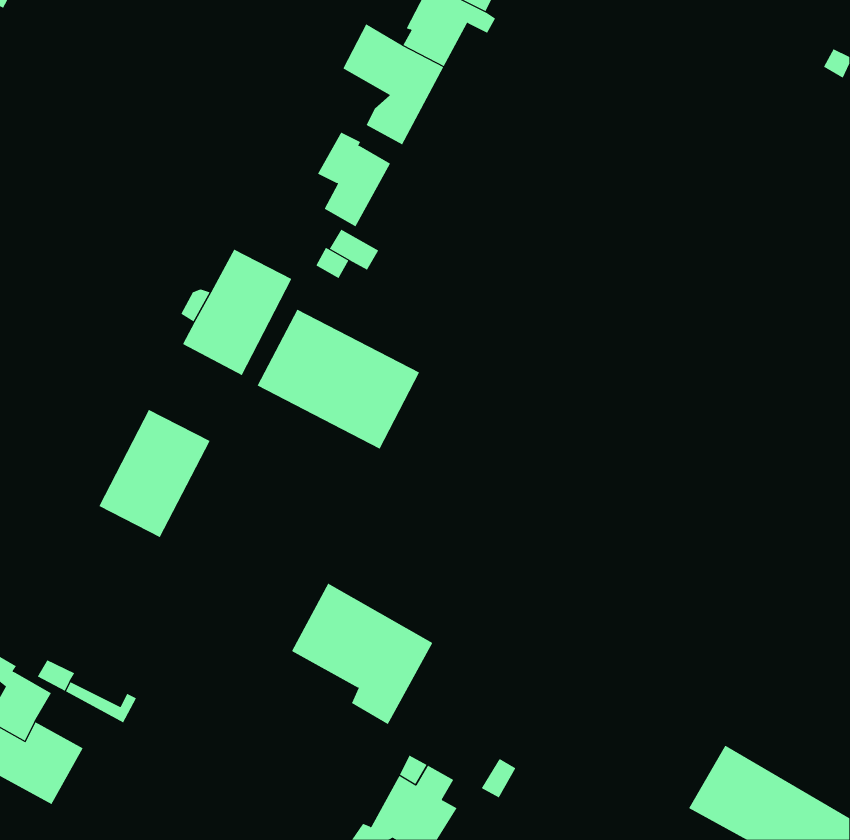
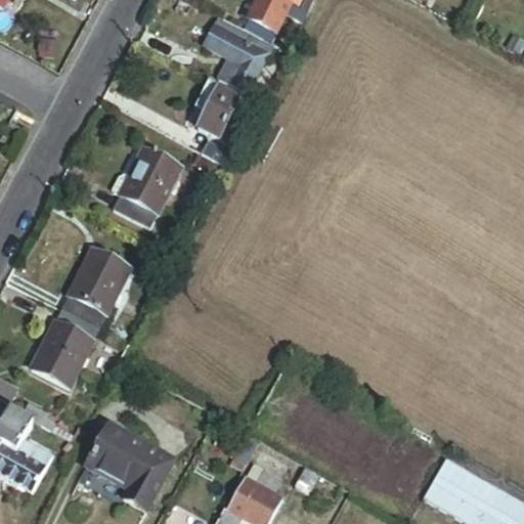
building: [257,309,420,450] -> none
building: none -> [30,310,98,388]
building: [291,583,433,725] -> [84,424,171,511]

